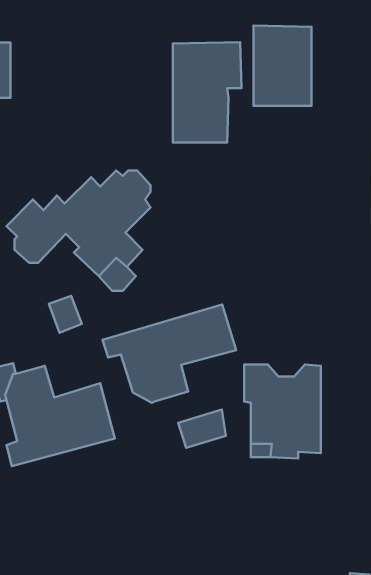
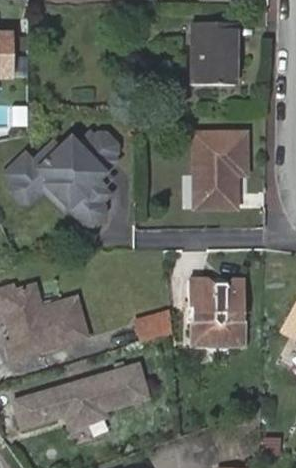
building: [173,42,242,142] -> [192,133,244,209]
building: [103,304,236,403] -> none
building: none -> [16,363,150,427]

